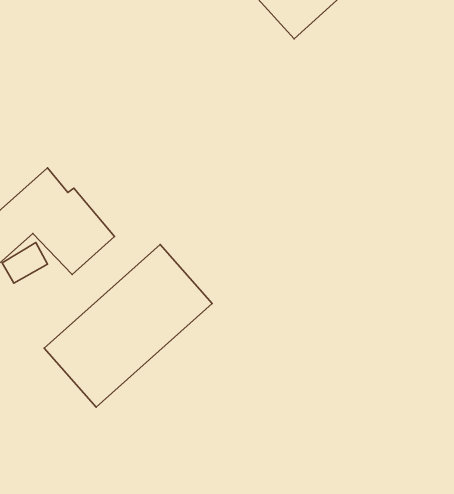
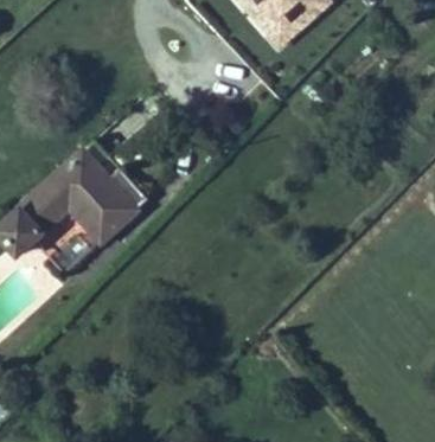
building: [44,245,212,407] -> none

